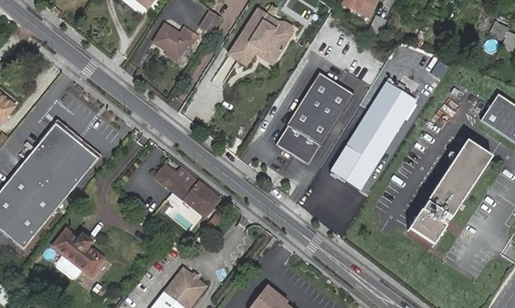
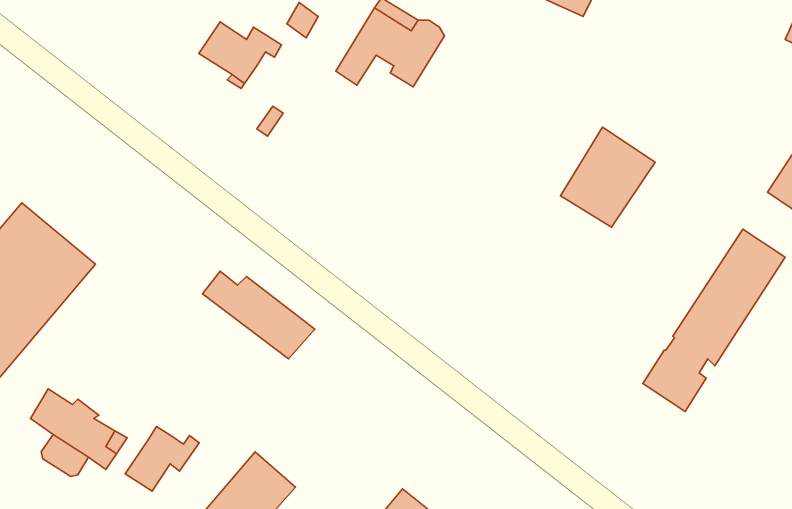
building: [229,40,276,64] -> none
building: [275,70,354,165] -> none
building: [330,121,390,190] -> none
building: none -> [125,427,199,491]

